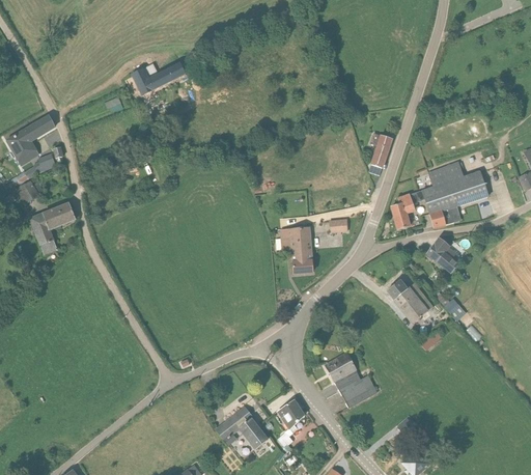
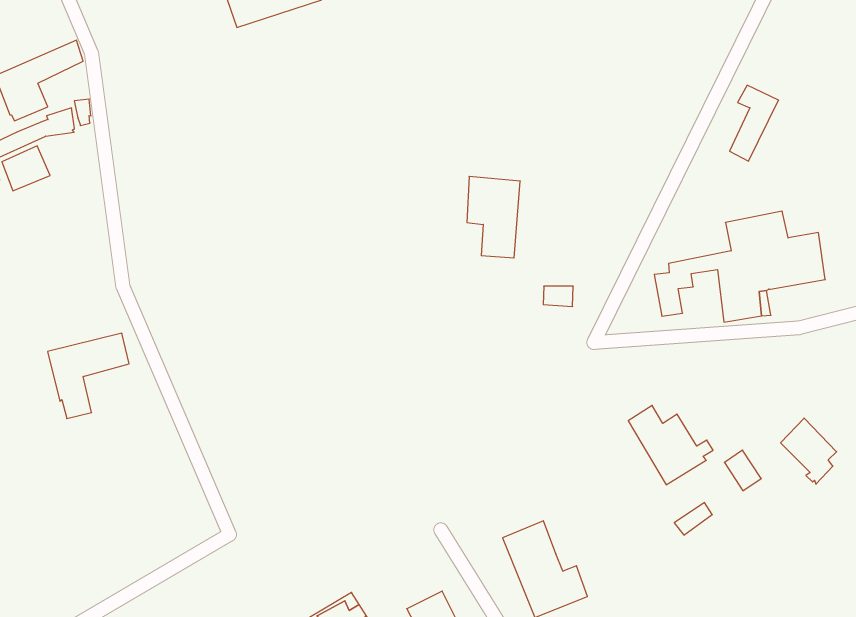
building: [368,132,392,174] -> [730,85,779,161]
building: [29,202,76,254] -> [48,333,129,419]
building: [281,227,312,272] -> [467,176,520,258]
building: [427,238,459,274] -> [781,418,837,484]

